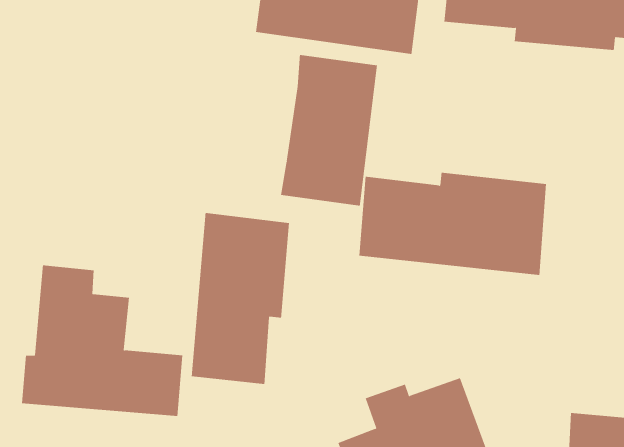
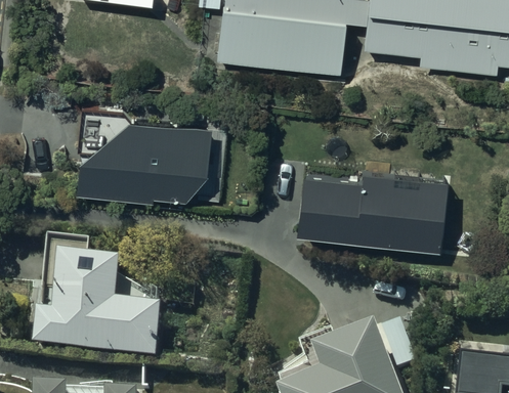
building: [280,54,378,207] -> none
building: none -> [78,106,212,201]
building: [191,212,289,385] -> none

